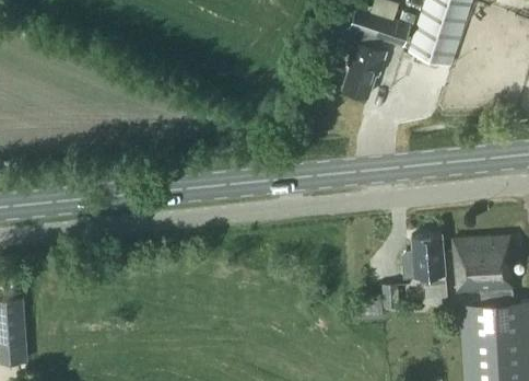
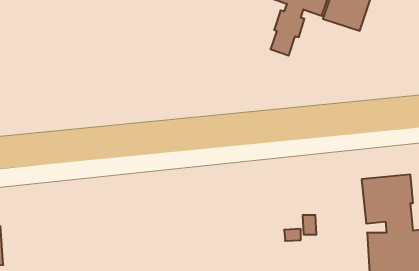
building: [402,236,447,300] -> none

